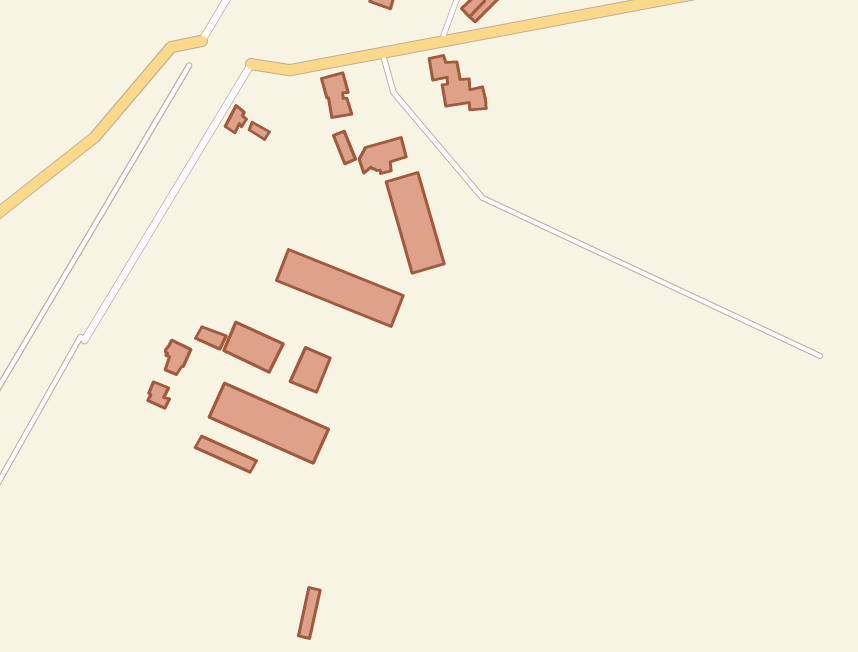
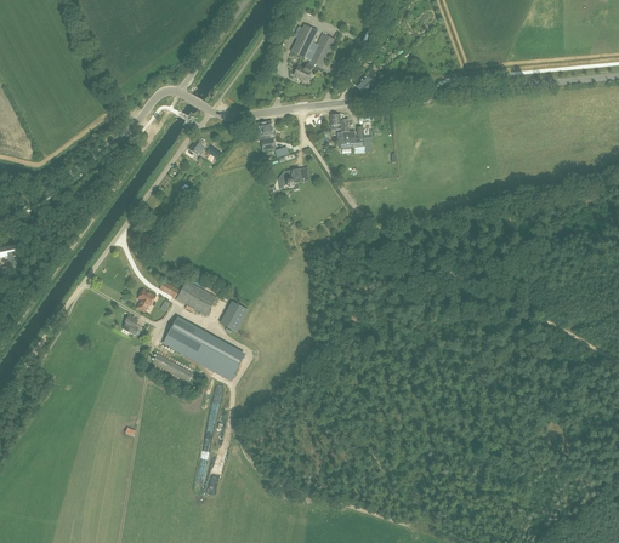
building: [386,173,444,273] -> none
building: [276,249,403,326] -> none

